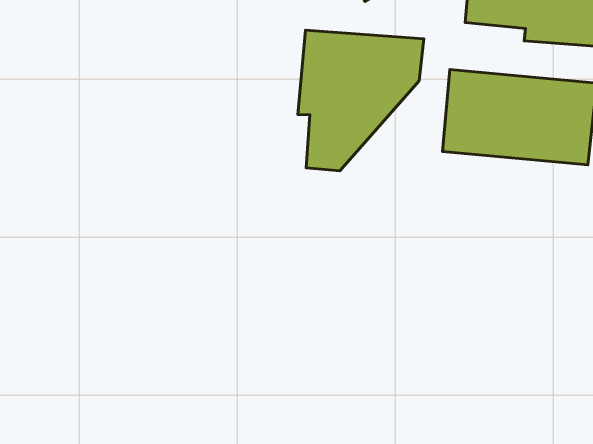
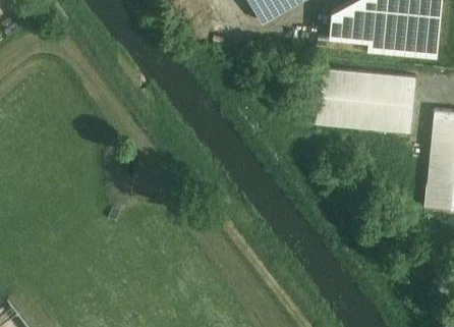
building: [298,30,424,171] -> none

